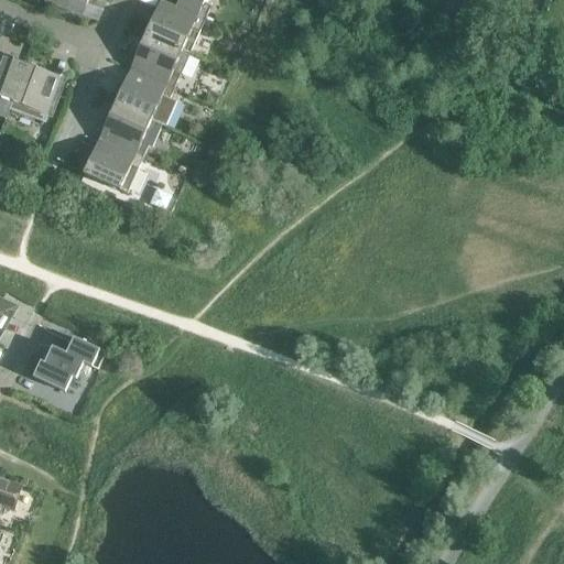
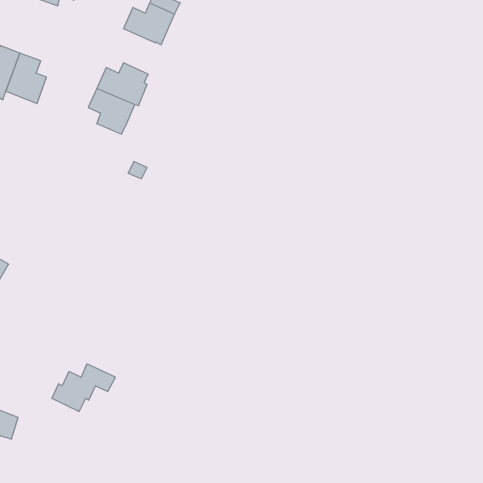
building: [133,33,187,86] -> none
building: [82,143,141,191] -> none
building: [31,335,105,390] -> [52,364,115,411]

